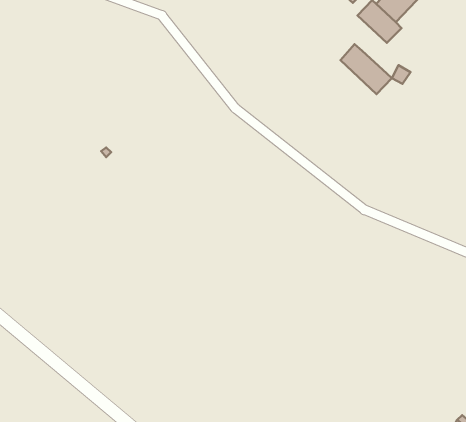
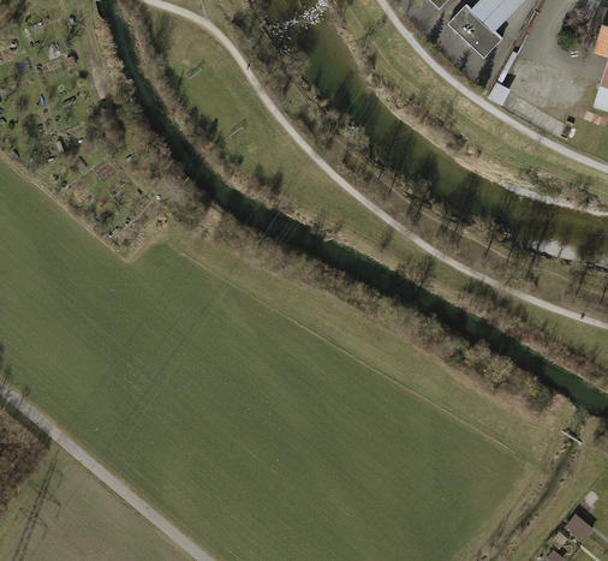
building: [341,44,392,94] -> none

